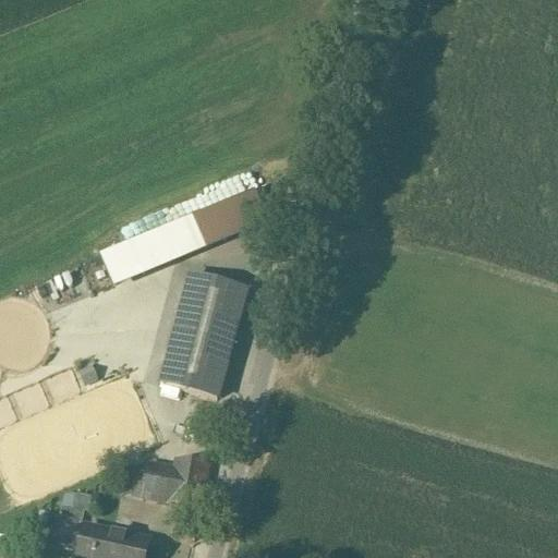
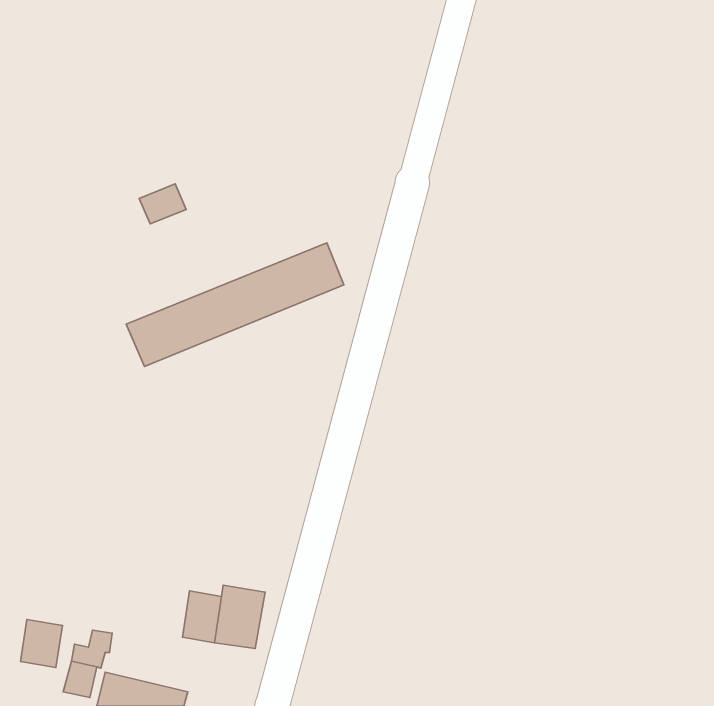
building: none -> [139,184,186,224]
building: [159,271,243,393] -> none
building: none -> [20,620,62,667]

